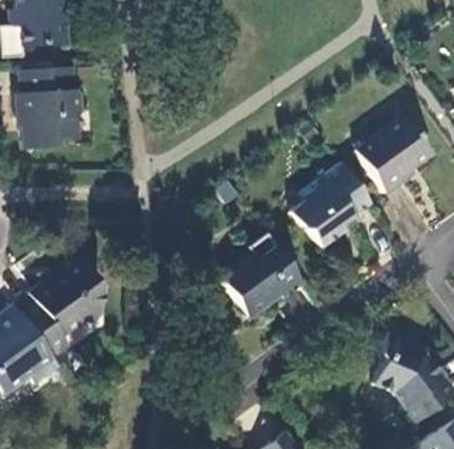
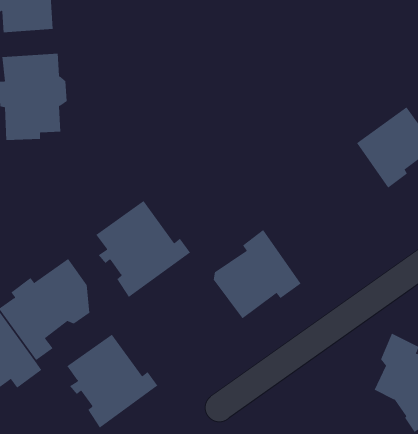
building: [290,162,371,248] -> none
building: none -> [96,200,191,298]
building: none -> [67,334,158,428]

